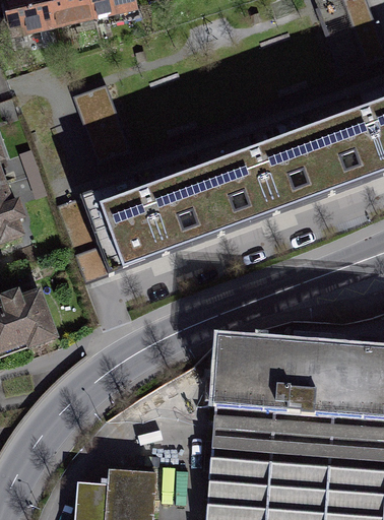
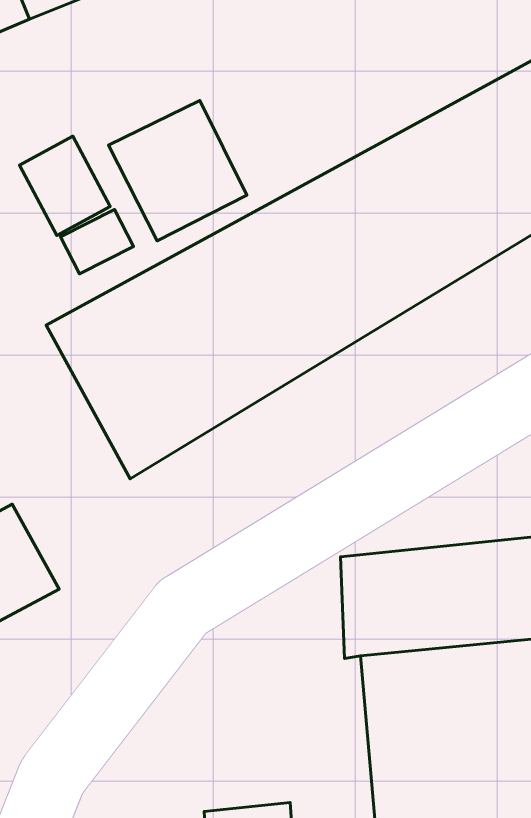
building: none -> [109,101,247,241]

